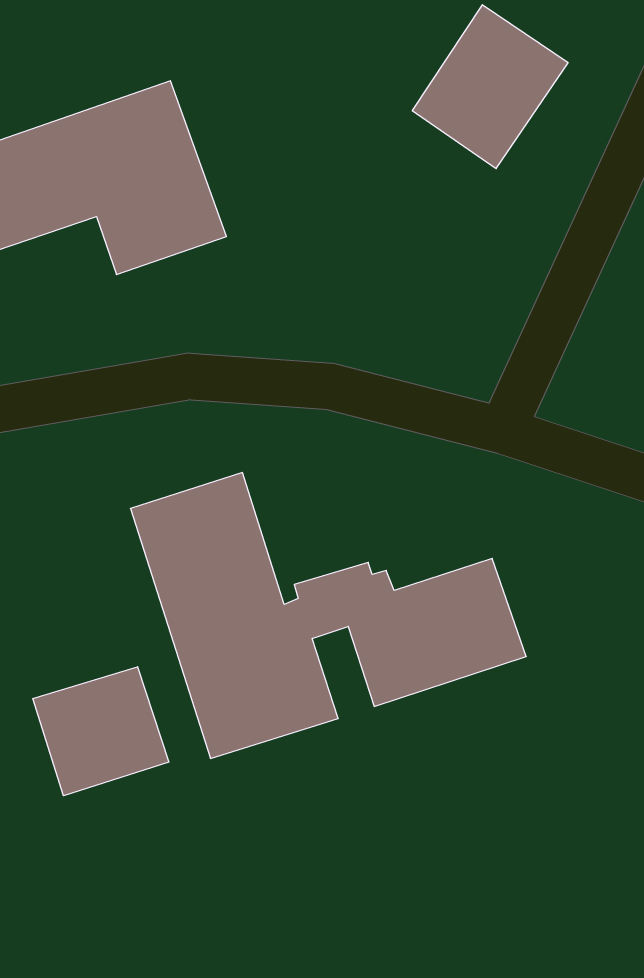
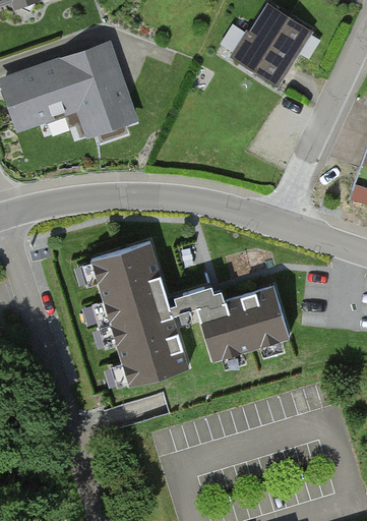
building: [33,667,169,796] -> none

